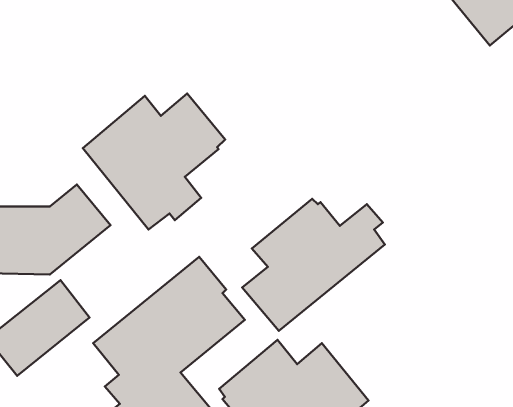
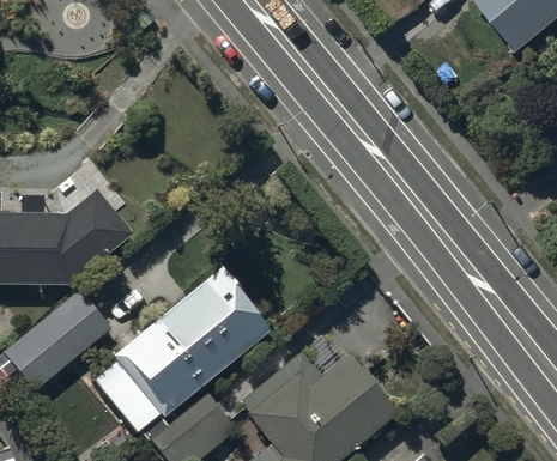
building: [83,93,225,230] -> none
building: [242,199,385,331] -> none

